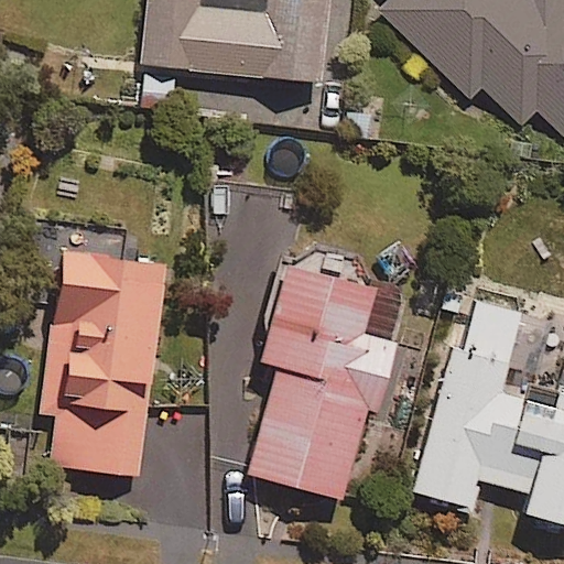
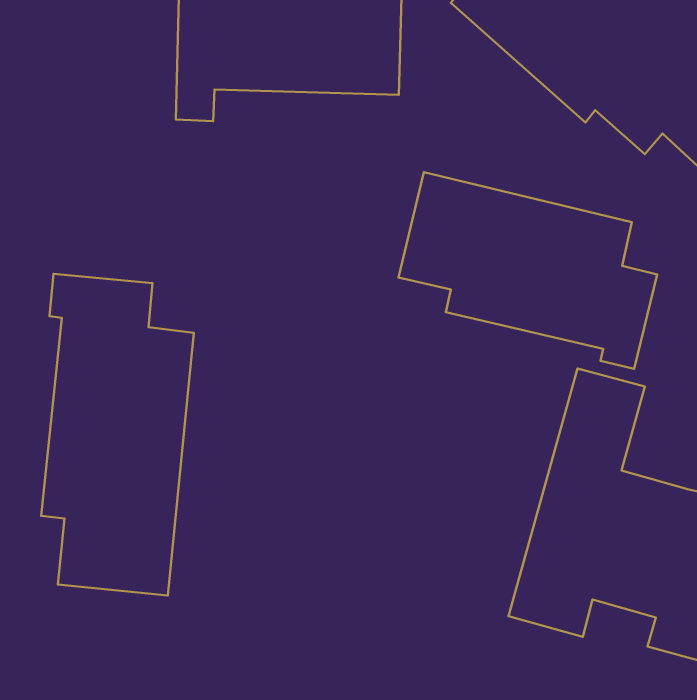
building: none -> [398,172,657,369]
building: [257,265,401,498] -> none

